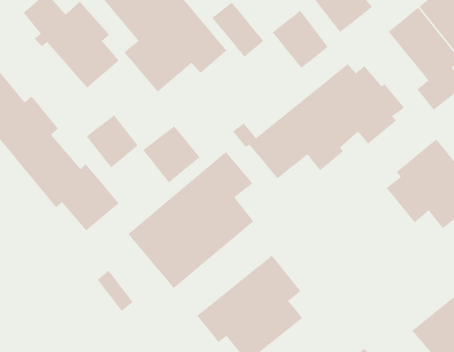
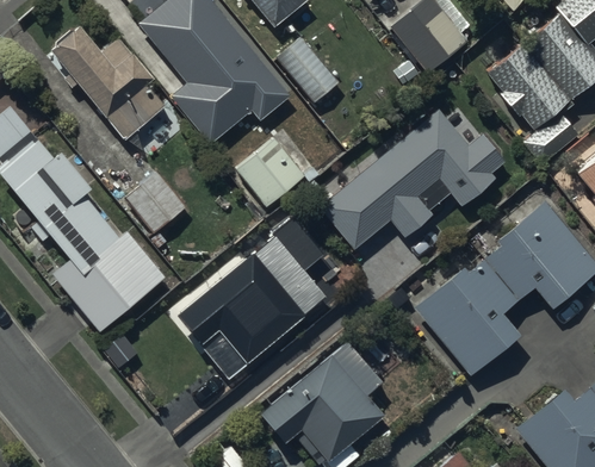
building: [272,10,329,69] -> none
building: [143,125,200,183] -> [236,139,305,208]
building: none -> [414,260,521,376]

